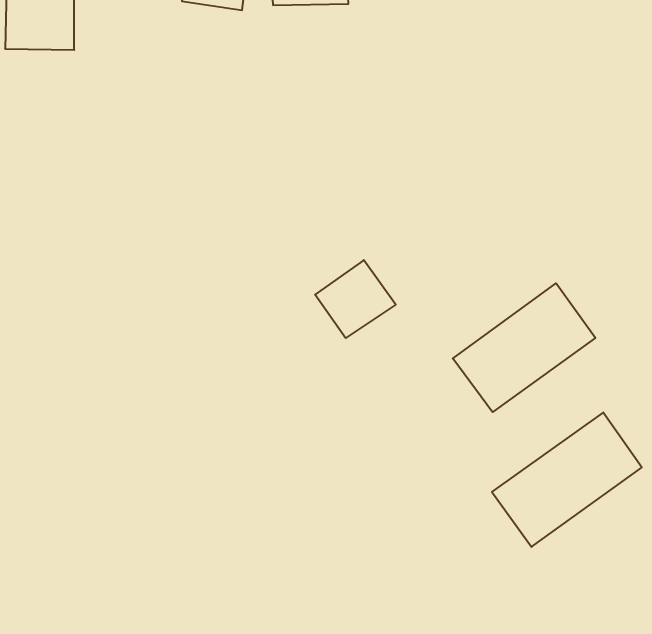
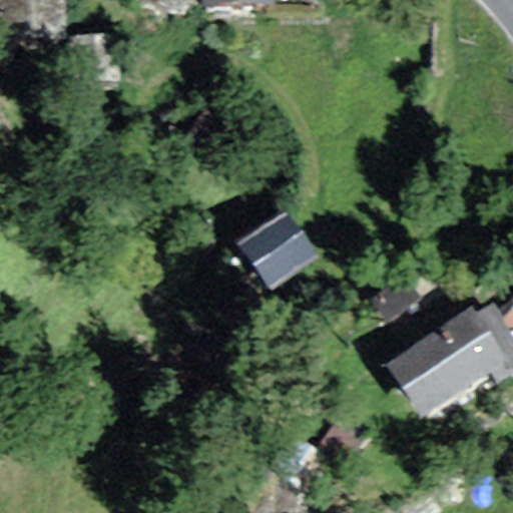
building: [453,283,595,412] -> none

